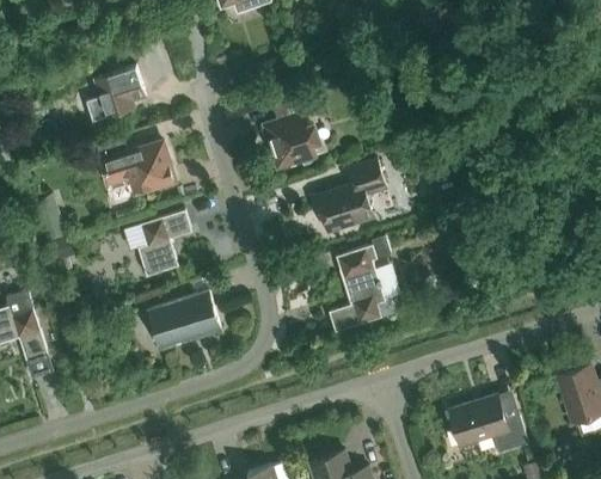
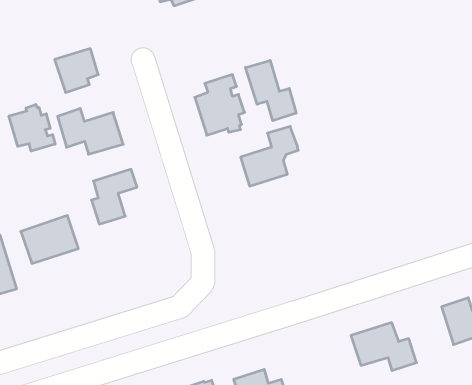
building: none -> [245,60,296,121]
building: none -> [9,104,55,151]
building: [329,234,395,332] -> none
building: [152,290,221,348] -> [21,216,78,263]

